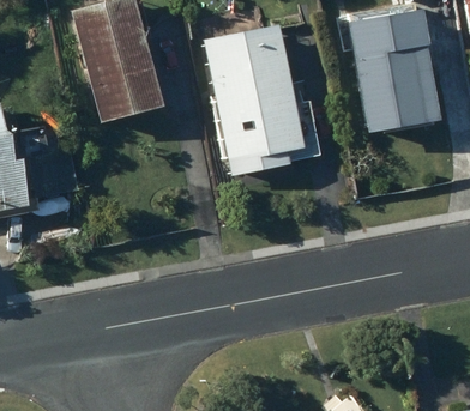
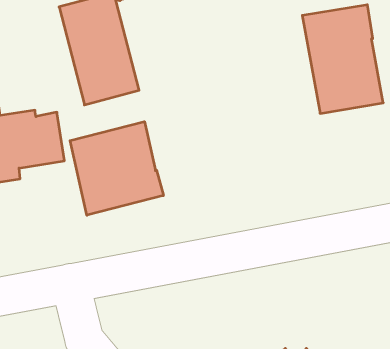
building: [206,23,321,167] -> none
building: none -> [70,122,163,215]

